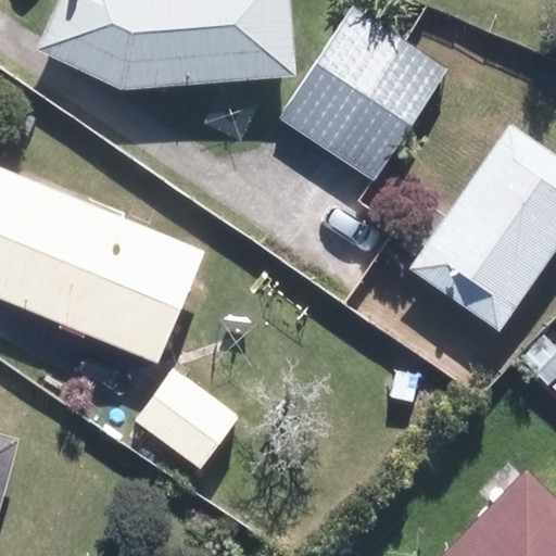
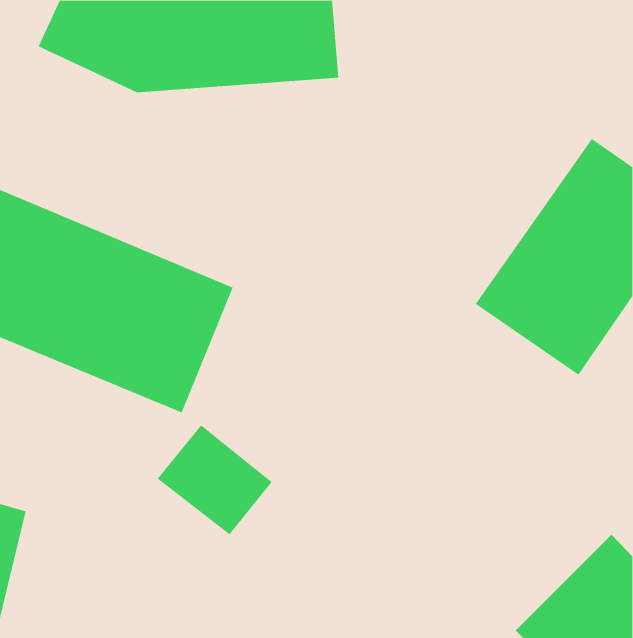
building: [286,15,451,186] -> none

